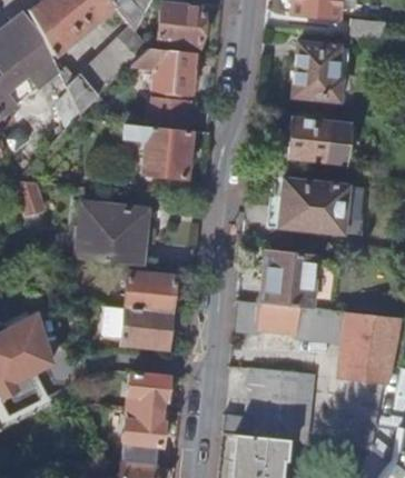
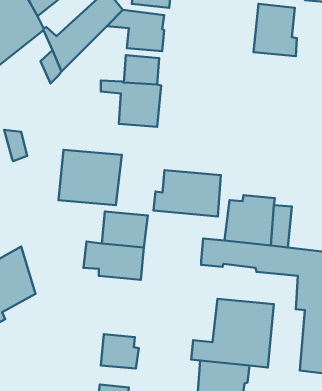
building: [287,118,348,161] -> none
building: [273,180,347,231] -> [154,170,221,217]
building: [128,372,171,410] -> none

